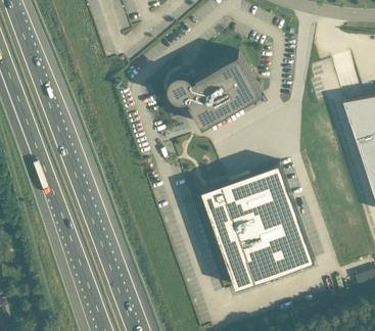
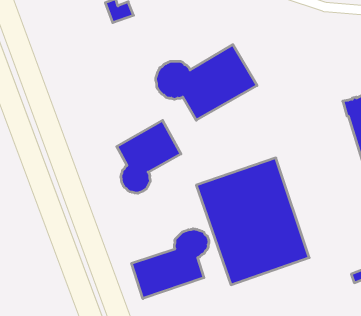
building: none -> [117,120,181,193]
building: none -> [132,229,209,299]

